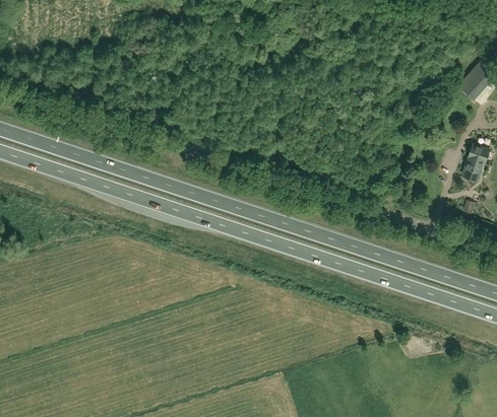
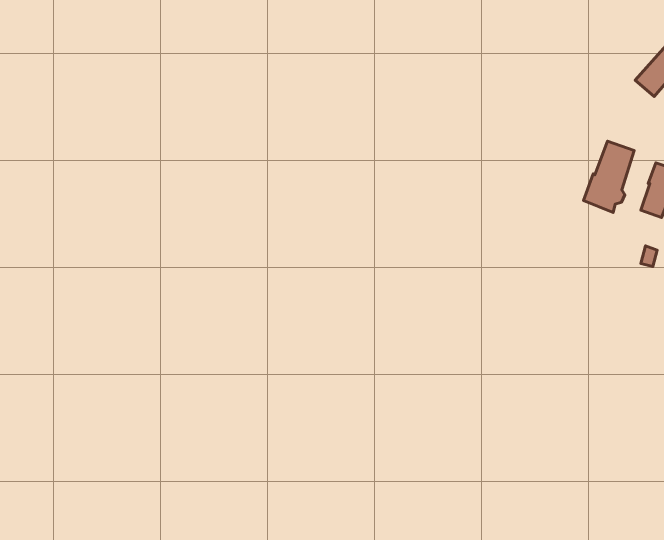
building: none -> [584,141,634,212]

